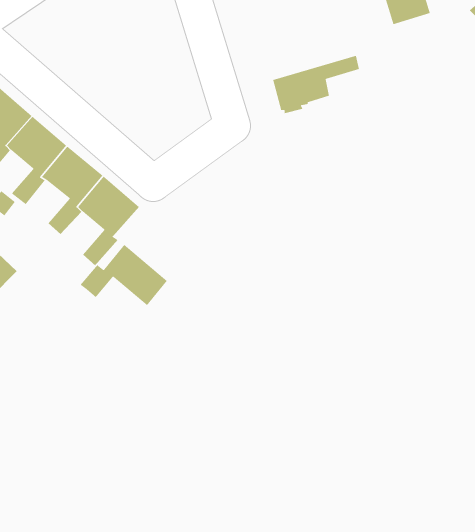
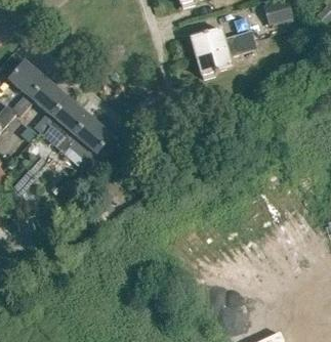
building: none -> [190,28,247,56]
building: [80,244,168,306] -> none

